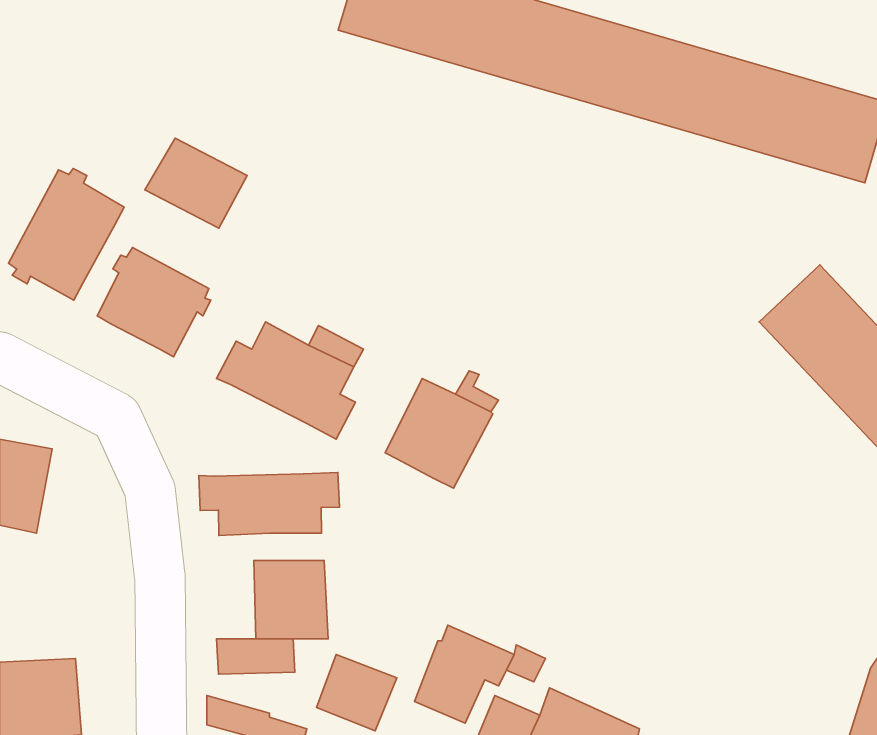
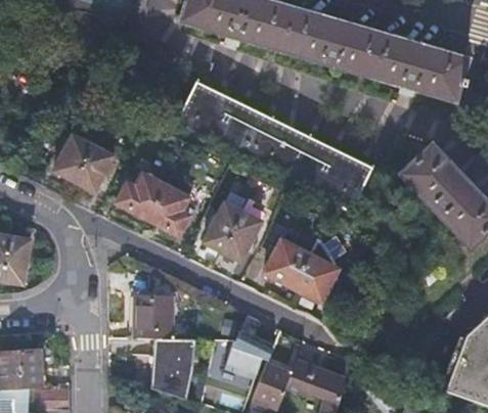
building: [145,138,247,228] -> none
building: none -> [175,78,373,210]
building: [8,169,124,300] -> none
building: none -> [264,237,337,300]
building: [199,472,339,536] -> none

